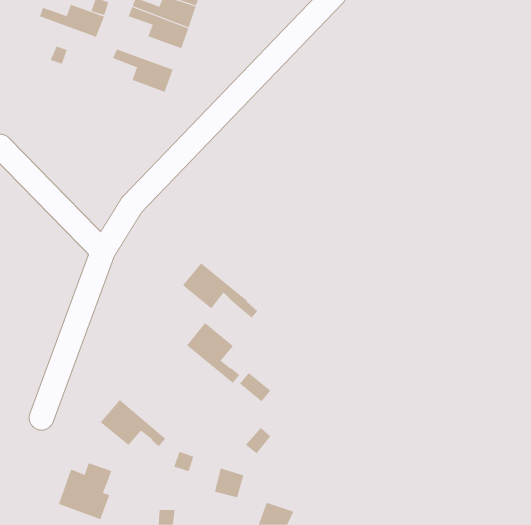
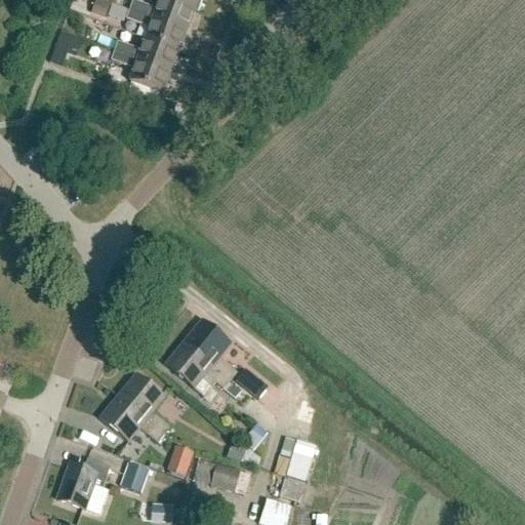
building: [39,4,105,37] -> [115,36,179,69]
building: [182,262,258,319] -> [165,340,240,396]
building: none -> [118,371,171,433]
building: none -> [279,438,316,499]
building: none -> [119,459,149,491]

